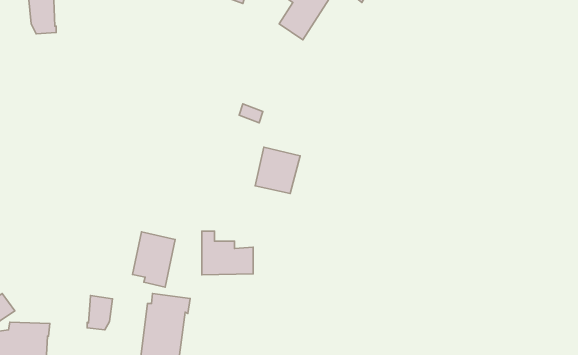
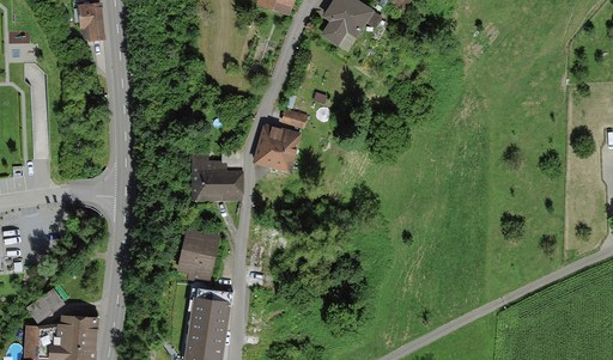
building: [255,147,300,193] -> [254,127,297,171]
building: [202,231,253,275] -> [190,157,239,199]
building: [87,296,113,330] -> none

